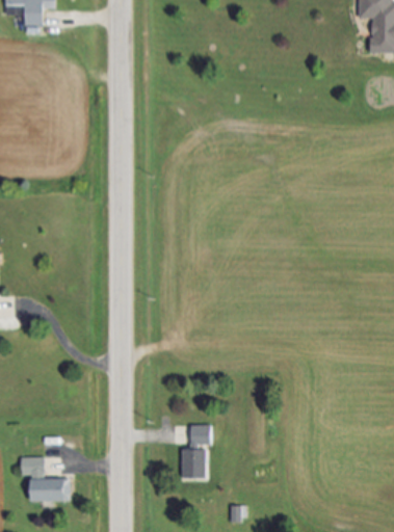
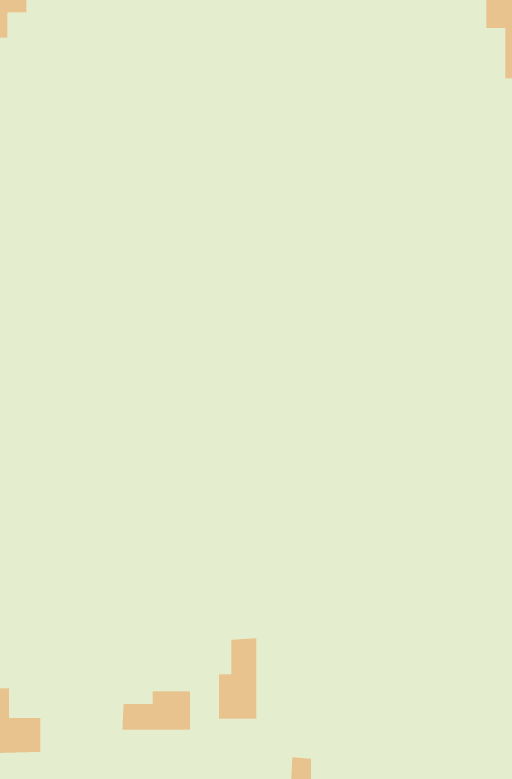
building: none -> [122,690,191,731]

